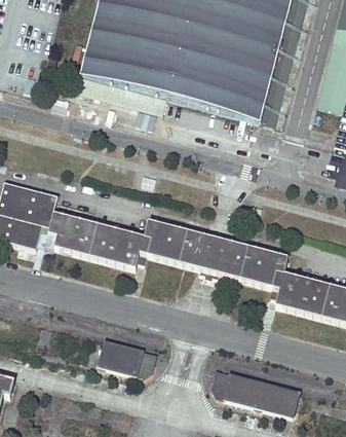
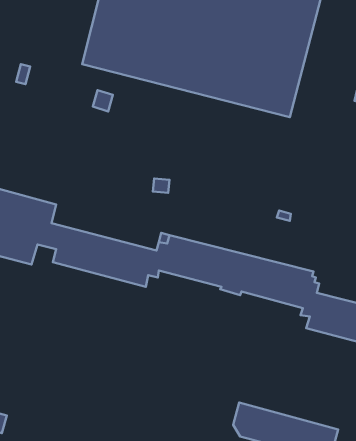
building: [94,337,158,378] -> none

